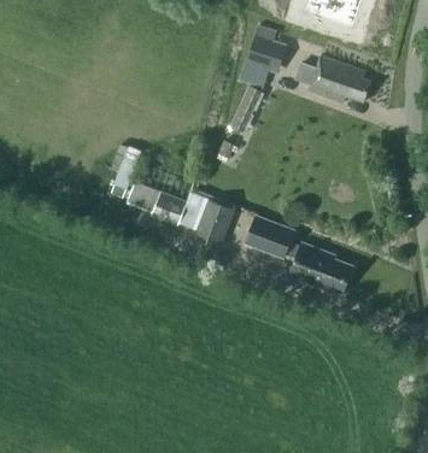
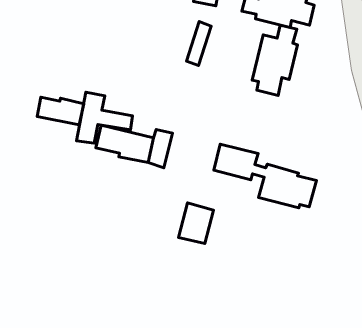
building: none -> [252,25,297,96]
building: none -> [37,97,84,125]
building: [194,199,234,243] -> [179,203,214,244]

